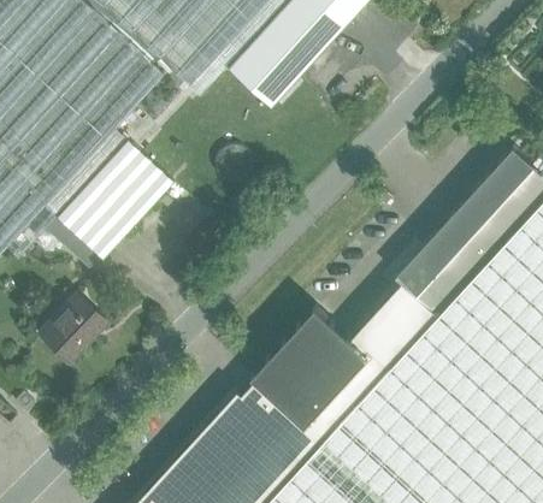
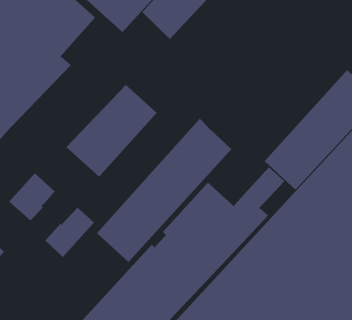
building: [45,140,173,270] -> [66,84,158,177]
building: none -> [96,118,232,263]
building: none -> [45,207,95,258]

